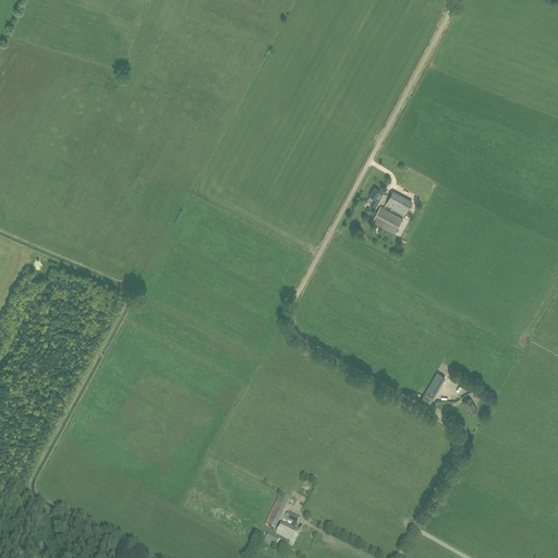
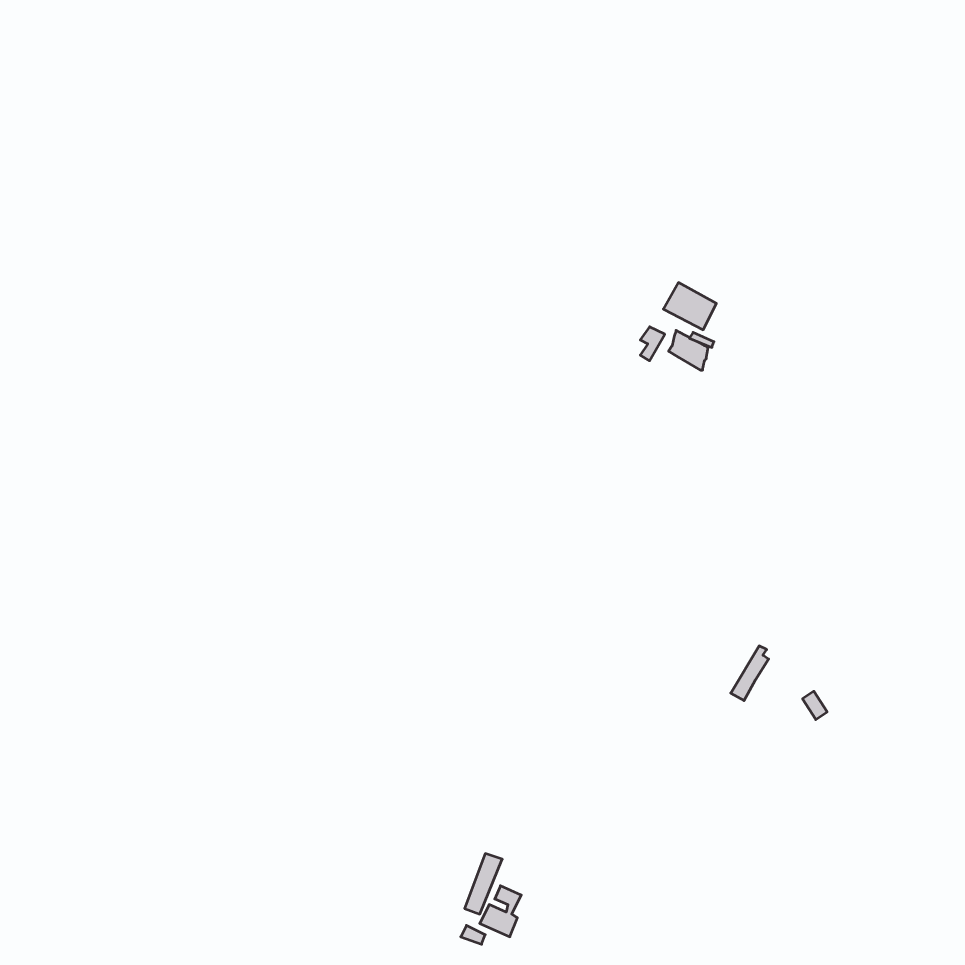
building: [372,207,402,234] -> [663,283,716,330]

